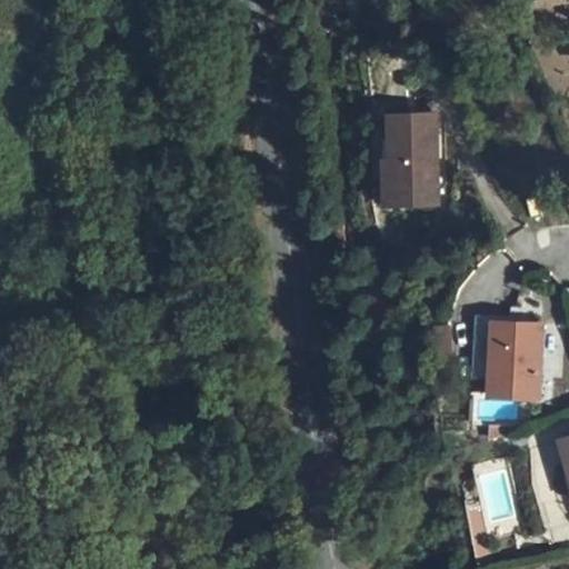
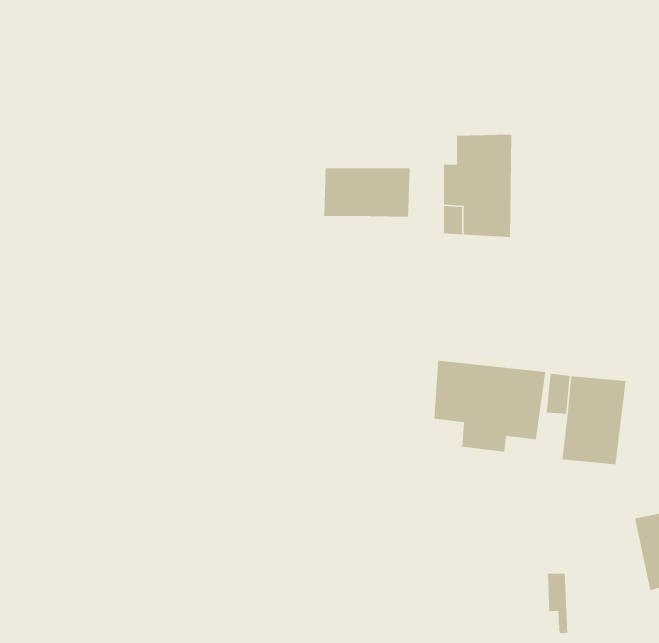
building: none -> [323,167,410,217]
building: none -> [433,360,546,452]

